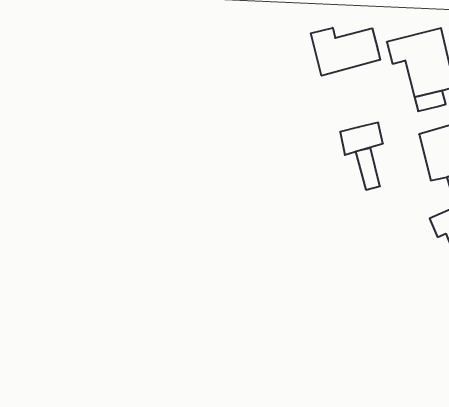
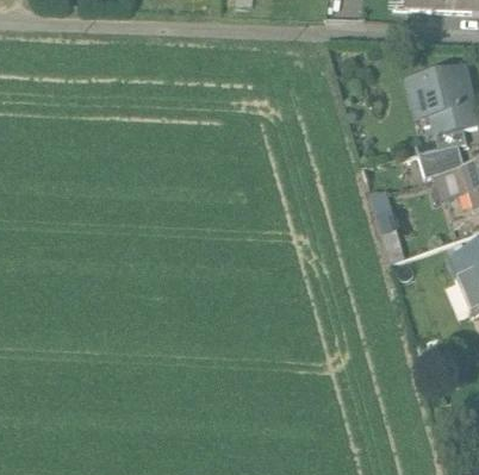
building: [311,28,380,76] -> none
building: [340,123,383,155] -> [419,142,464,175]

